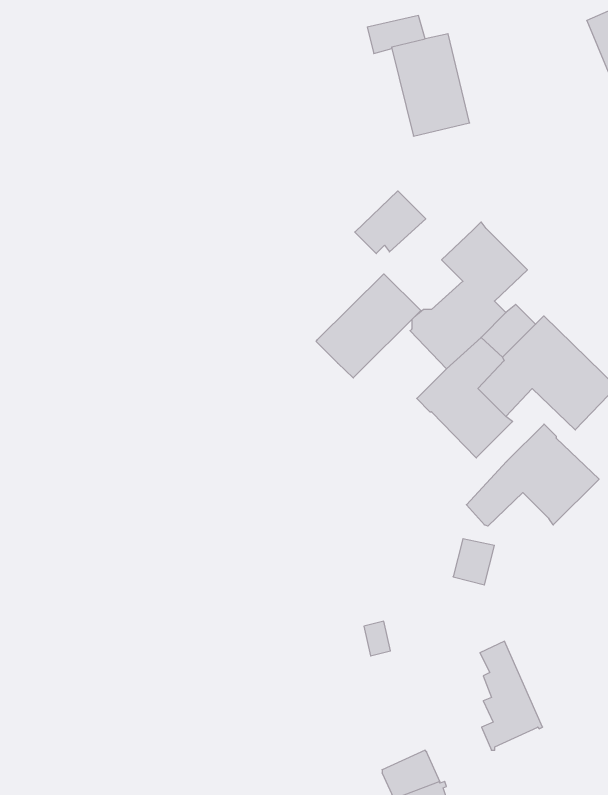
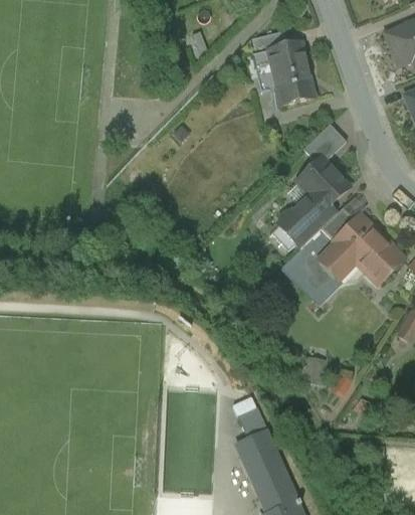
building: [355,191,426,254] -> [302,125,346,163]
building: [316,274,421,378] -> none
building: [466,424,599,526] -> none
building: [480,641,543,750] -> [251,427,289,494]

